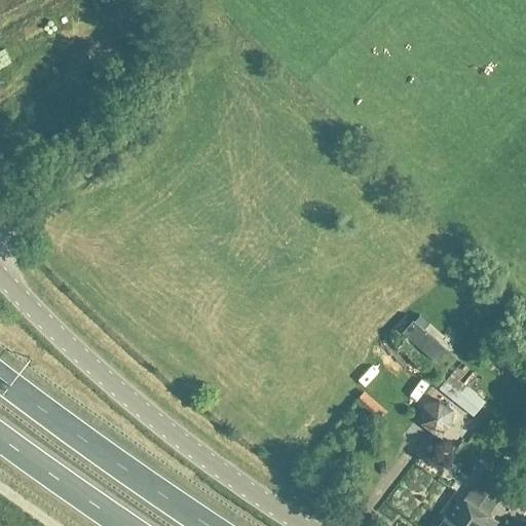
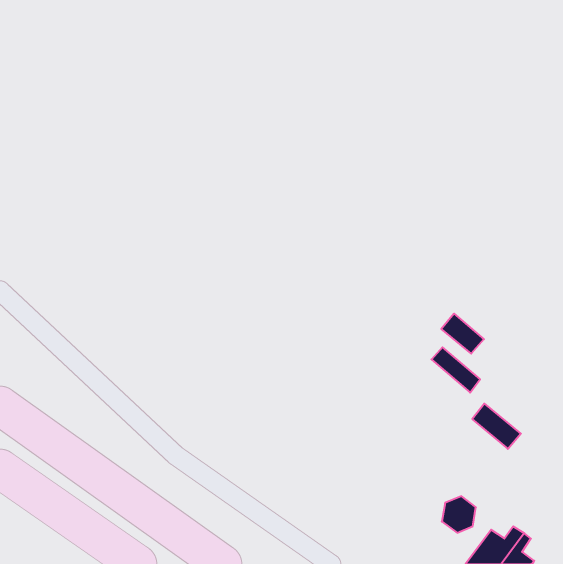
building: none -> [441,314,484,354]
building: [423,399,455,433] -> [442,496,476,533]

